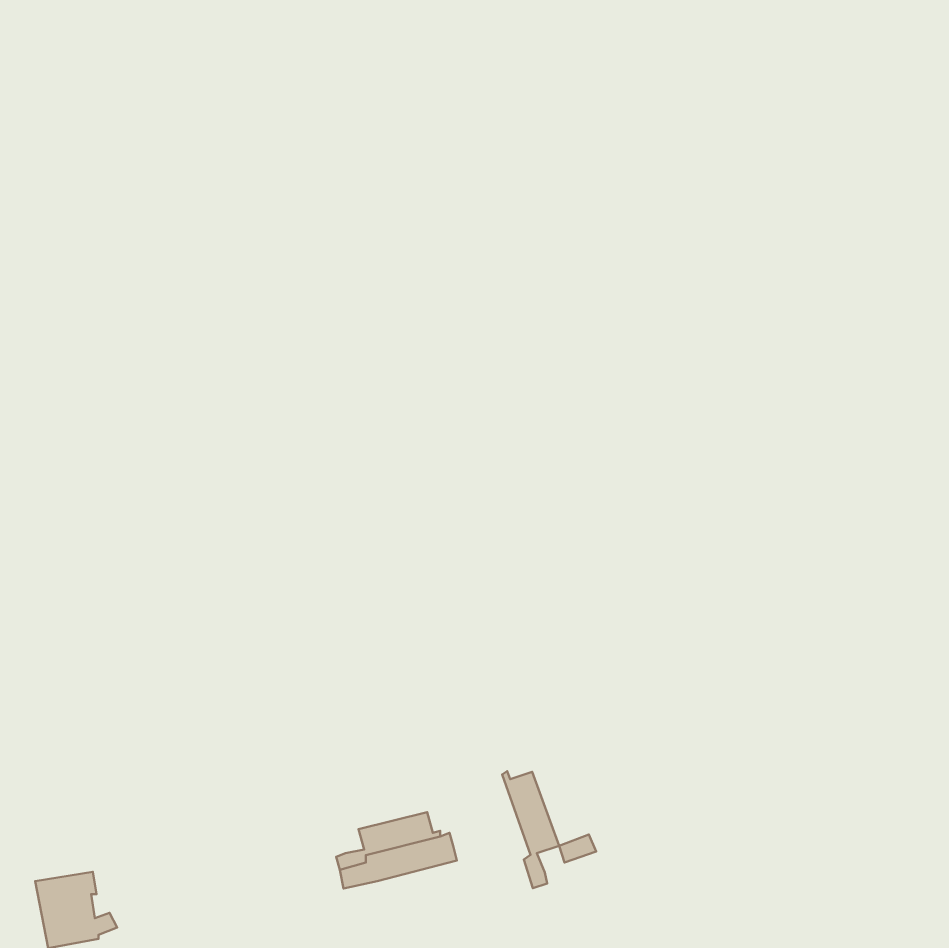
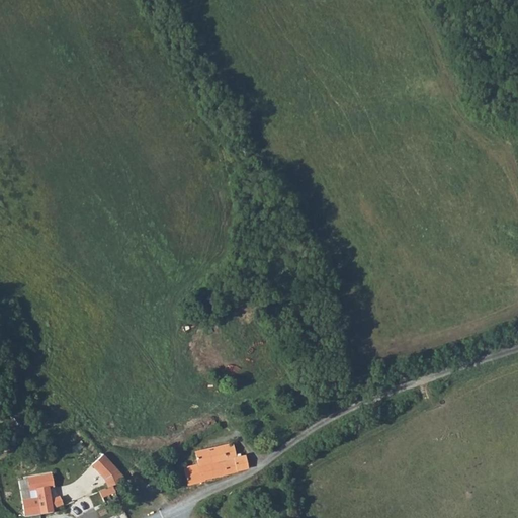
building: [502,771,559,888] -> none
building: none -> [92,453,124,487]

